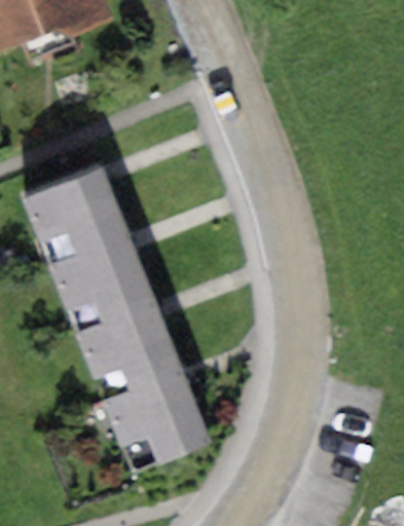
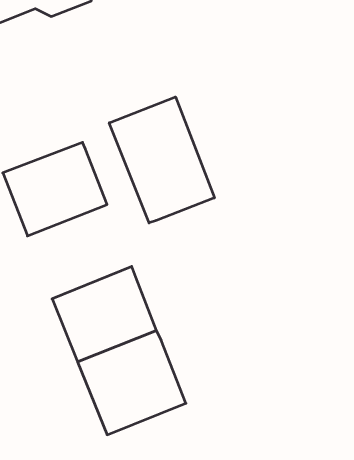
building: none -> [109,97,214,223]
building: [45,229,154,328] -> none

